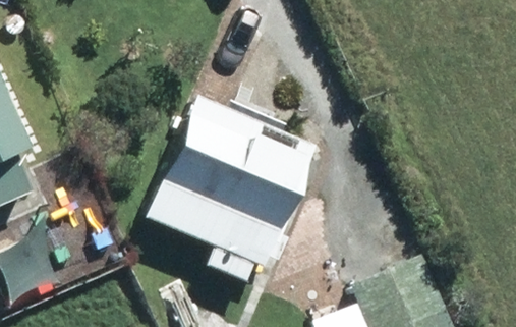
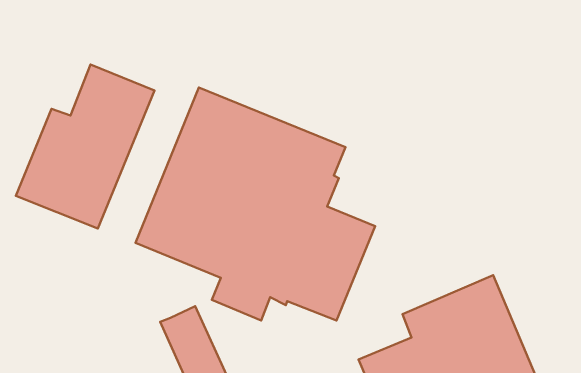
building: none -> [16,65,155,229]

